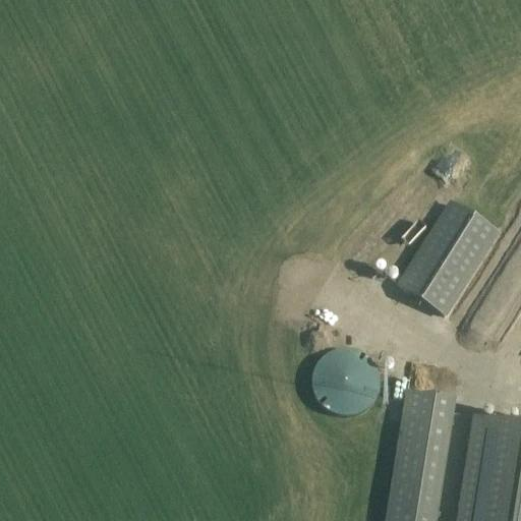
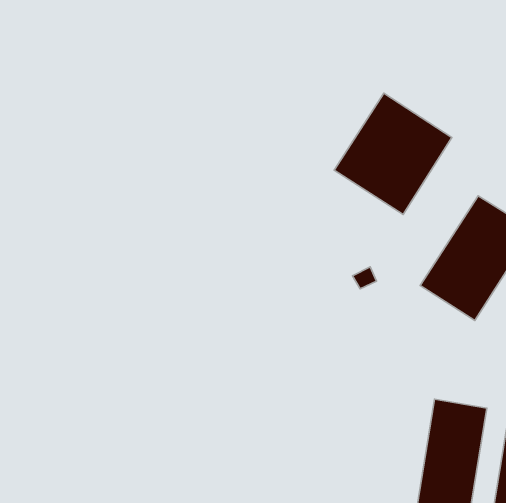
building: none -> [334,93,452,215]
building: [312,351,378,417] -> none

